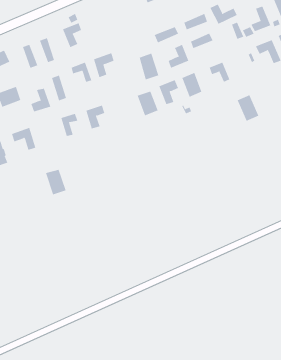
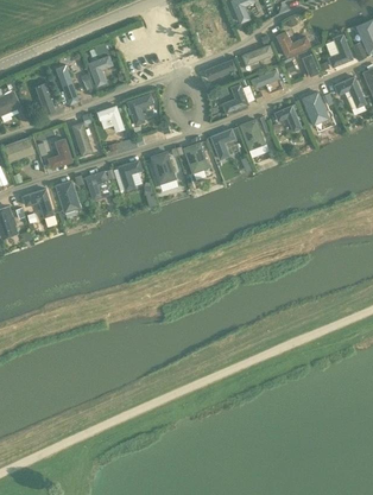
building: [139,53,159,80] -> [150,150,176,184]
building: [237,94,259,122] -> [301,90,329,125]
building: [45,169,67,195] -> [53,179,81,212]

